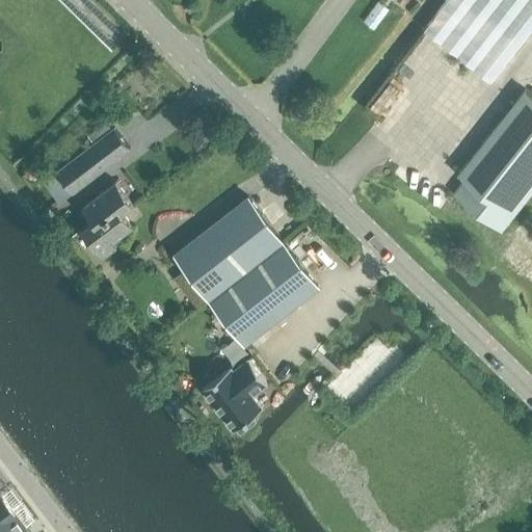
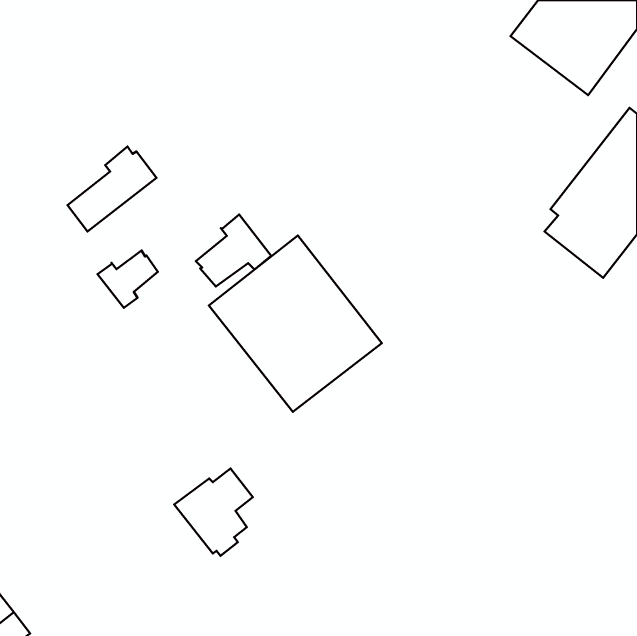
building: none -> [196,215,271,287]
building: [83,185,132,227] -> none
building: [201,361,266,433] -> [174,468,253,556]

